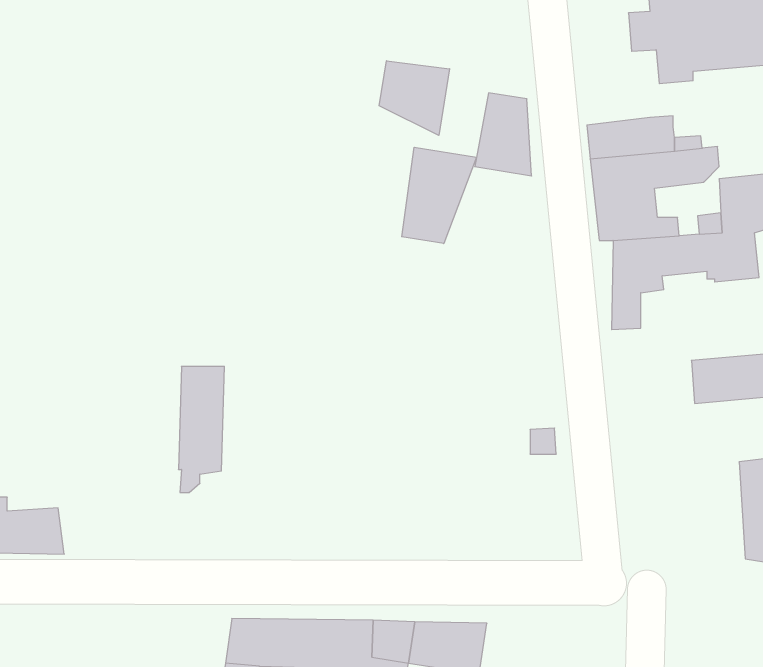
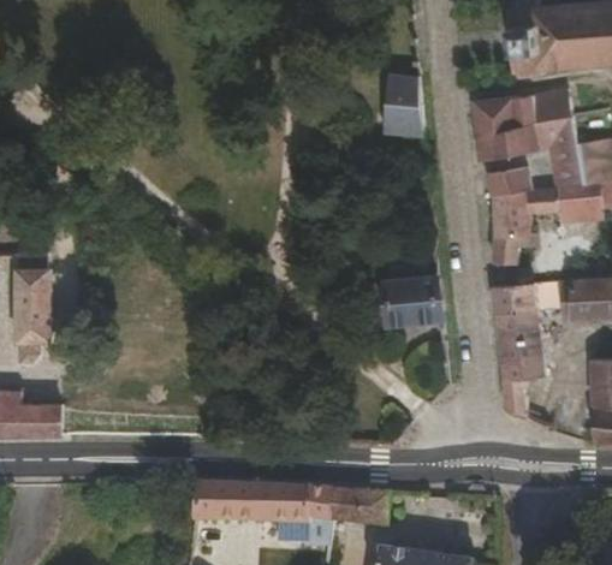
building: [379,61,450,135] -> none
building: [402,147,476,244] -> none
building: none -> [387,278,450,326]
building: none -> [492,285,545,414]
building: [178,366,224,492] -> [19,273,55,371]

